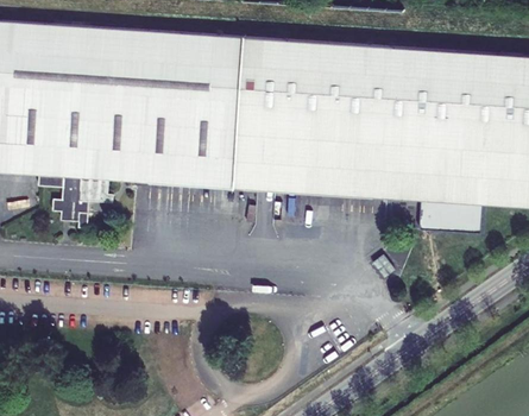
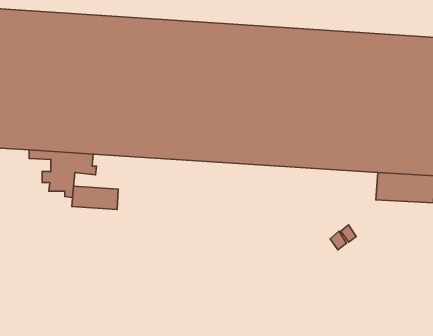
building: none -> [72,186,118,210]

